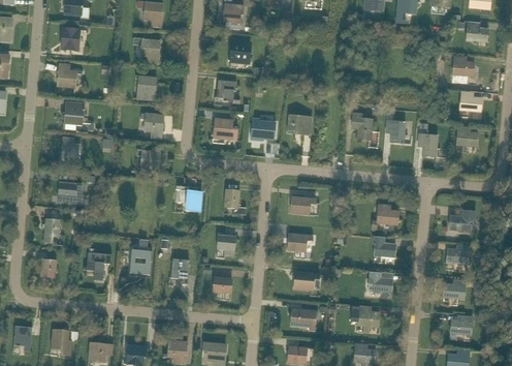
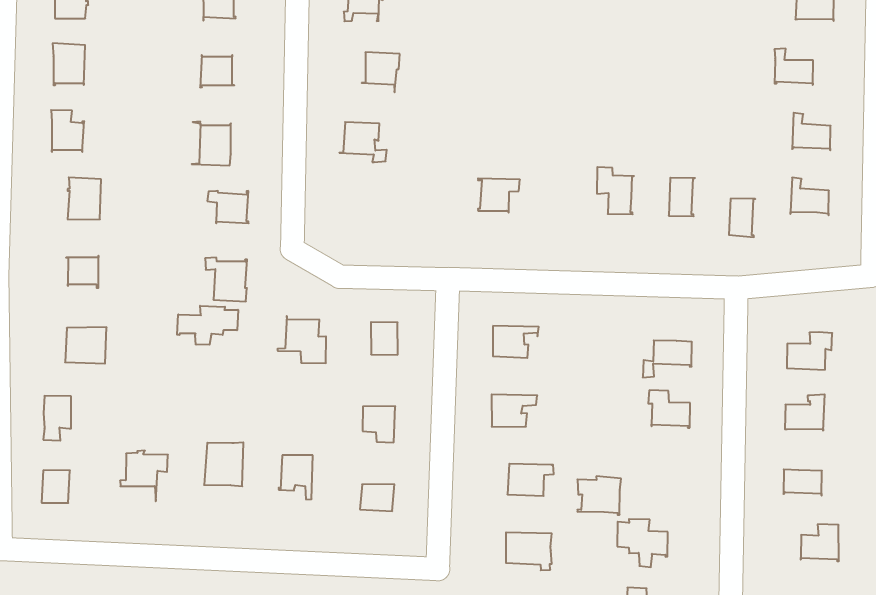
building: [211,118,237,141] -> none
building: [250,118,276,140] -> none
building: none -> [177,306,238,345]
building: [369,271,393,293] -> [577,476,621,515]

